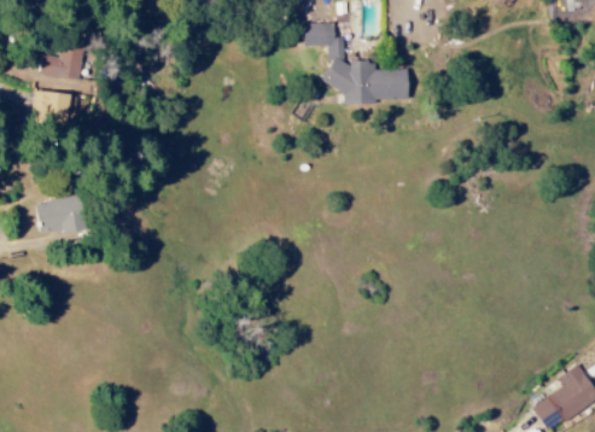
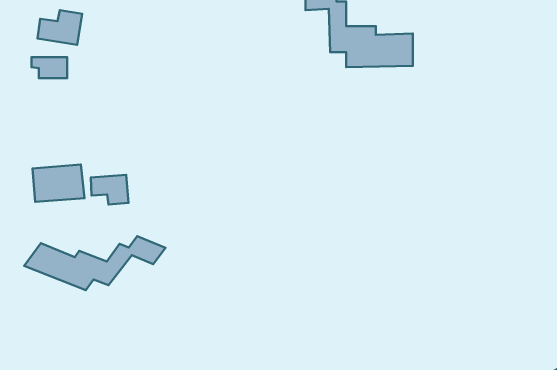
building: none -> [91,175,129,205]
building: none -> [24,236,165,290]

